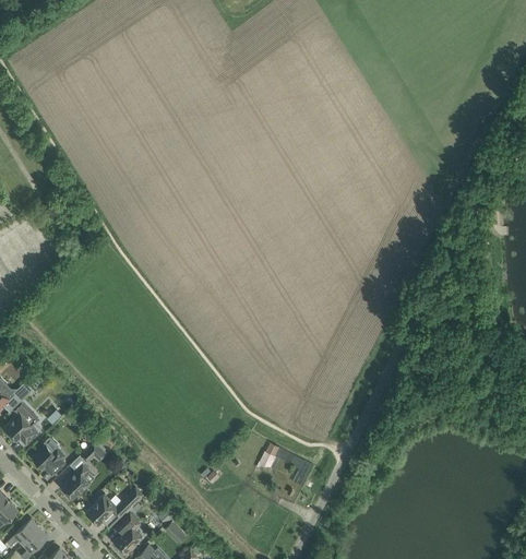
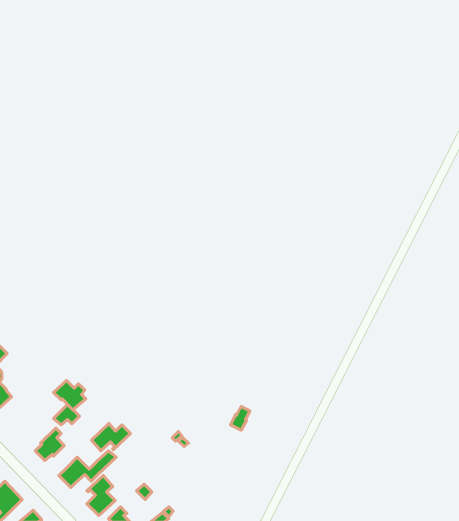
building: [33,444,65,474] -> [54,381,86,410]
building: none -> [91,424,130,451]

